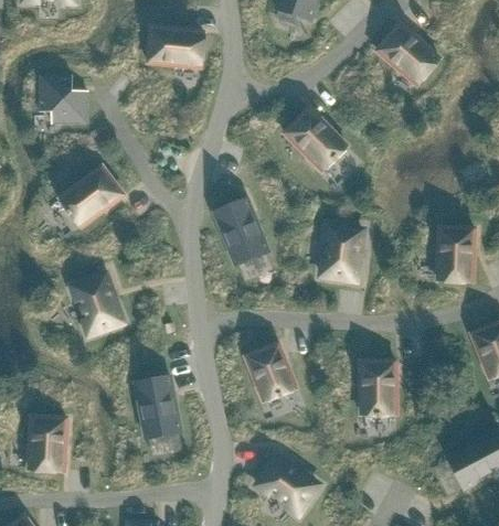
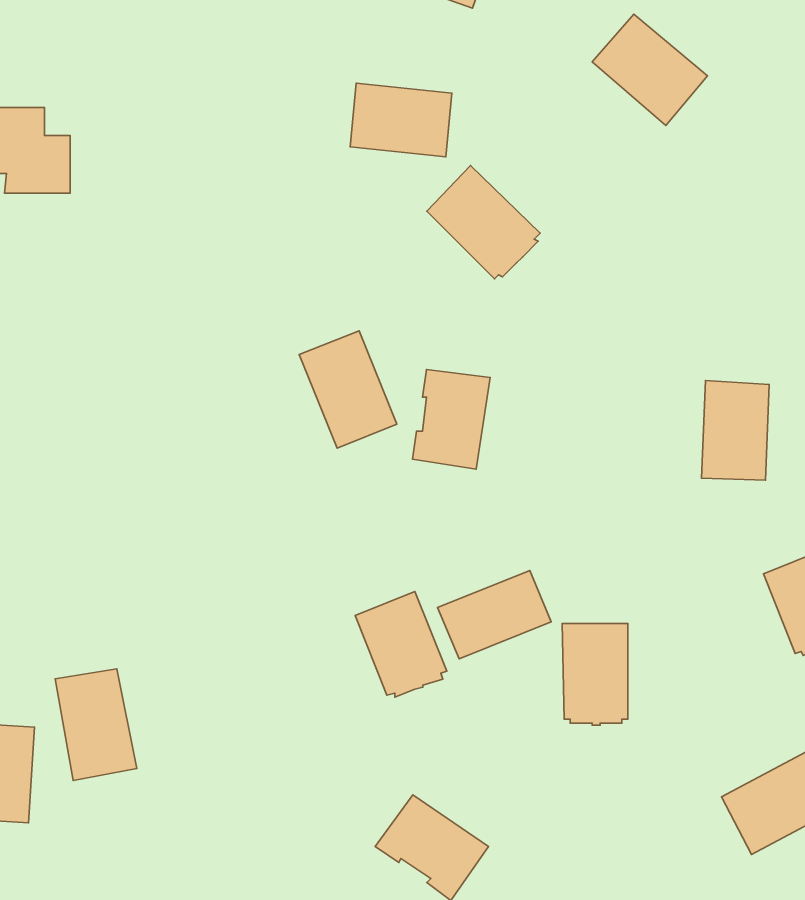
building: [148,28,204,68] -> [350,83,452,157]
building: [60,167,124,227] -> none
building: [320,226,363,281] -> [412,369,490,469]
building: [72,276,123,335] -> none
building: none -> [438,571,551,659]
building: [136,377,181,439] -> [55,669,137,780]

